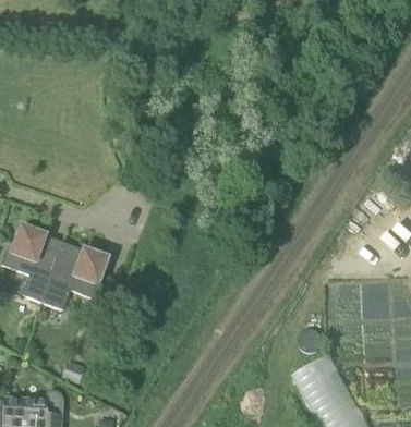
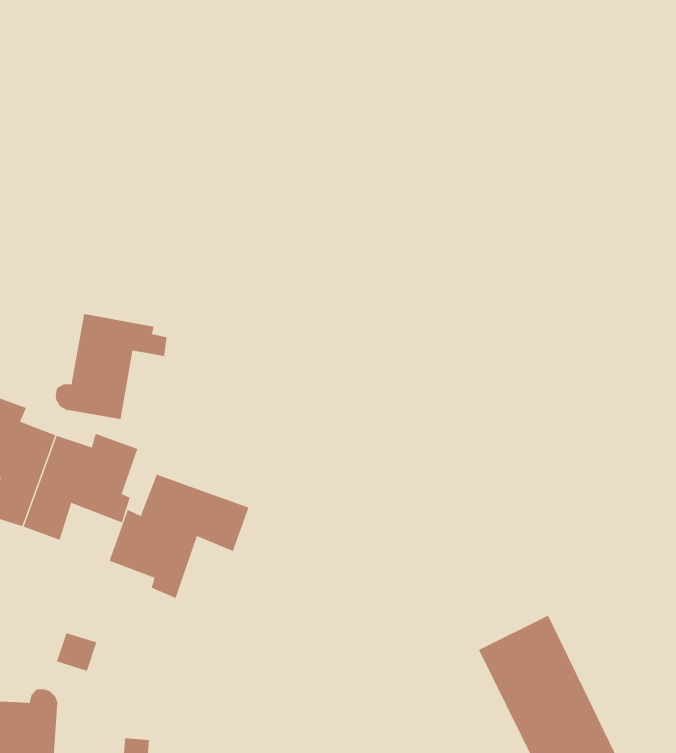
building: none -> [55,313,167,420]
building: none -> [109,474,249,599]

